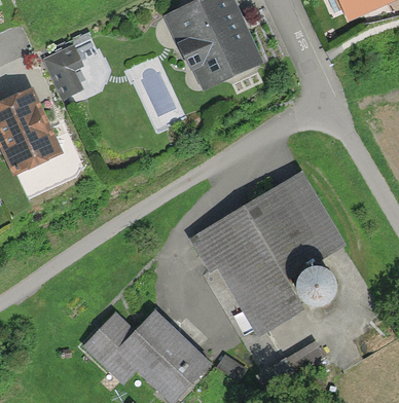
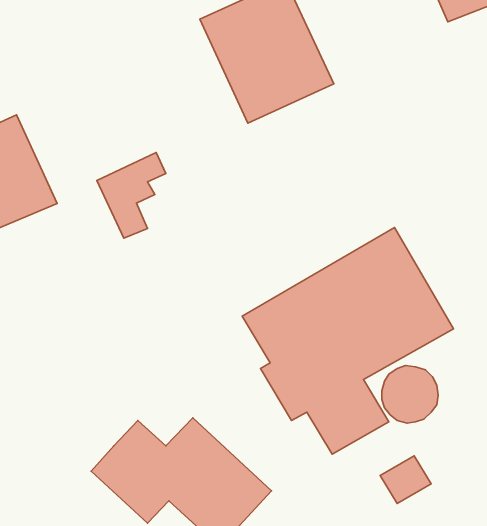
building: [44,36,95,99] -> [97,152,166,238]

